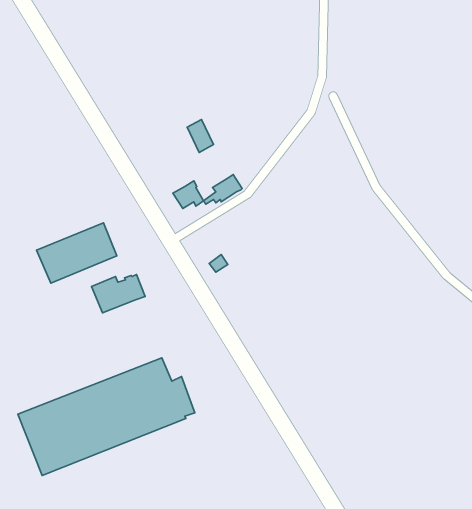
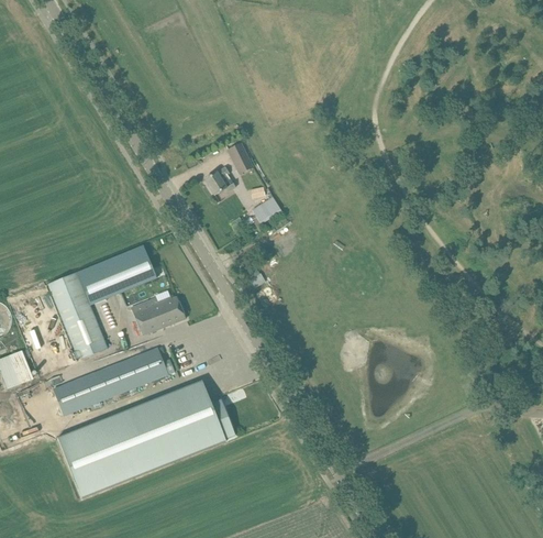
building: [173,181,204,208] -> [204,166,235,194]
building: none -> [47,272,108,358]
building: none -> [53,348,174,415]

